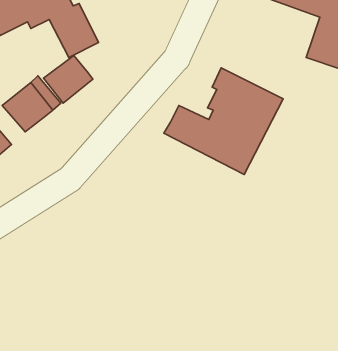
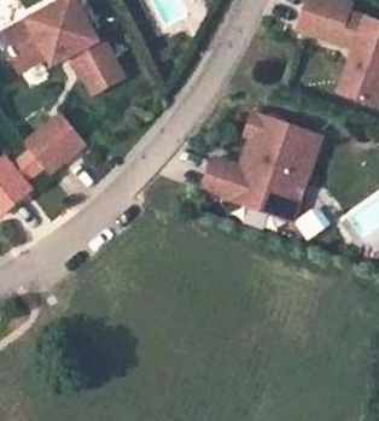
building: [43,56,93,103] -> none

